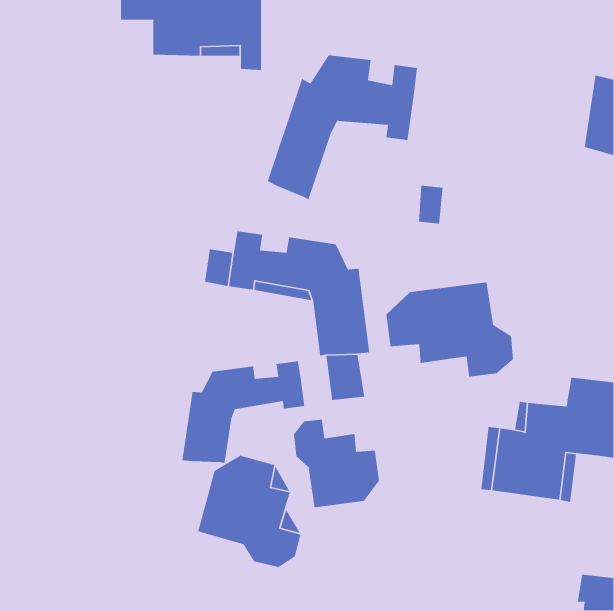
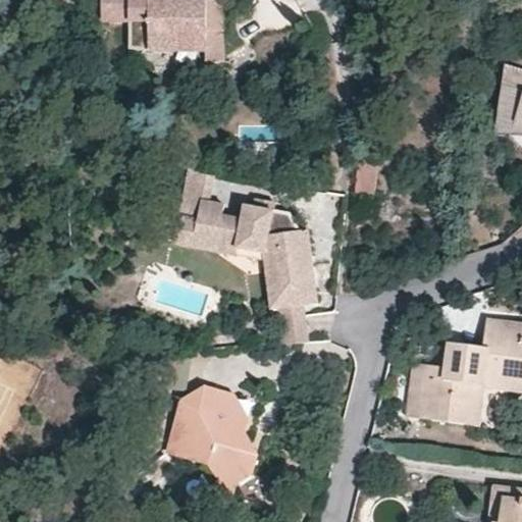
building: [267,54,418,201] -> none
building: [385,281,514,377] -> none
building: [182,360,305,464] -> none
building: [293,419,380,508] -> none

